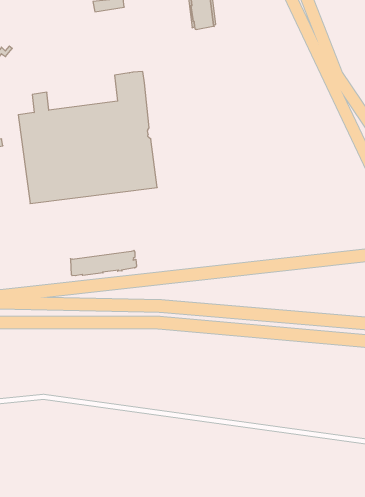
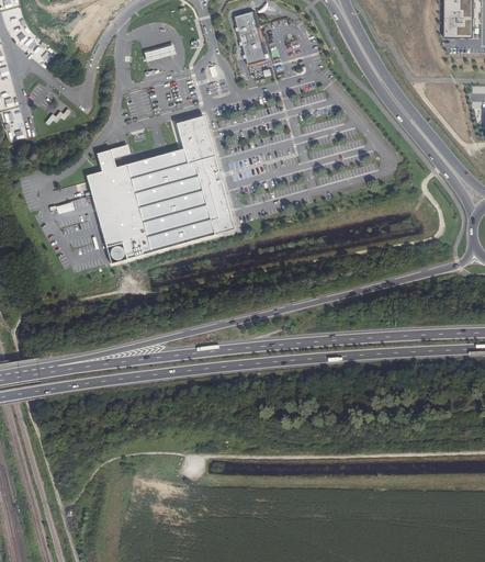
building: [70,250,136,276] -> none

